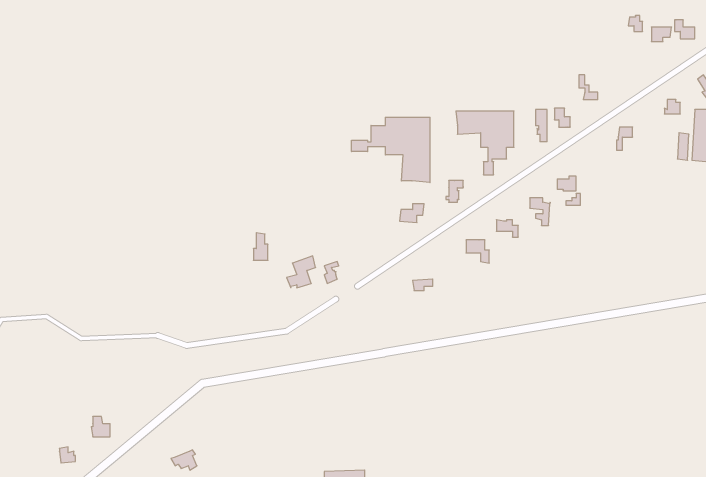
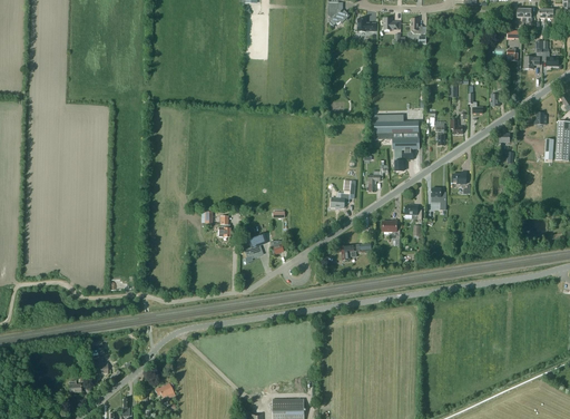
building: [352,117,430,183] -> none

